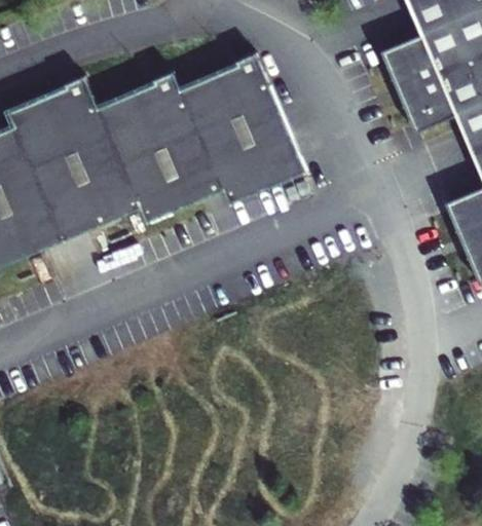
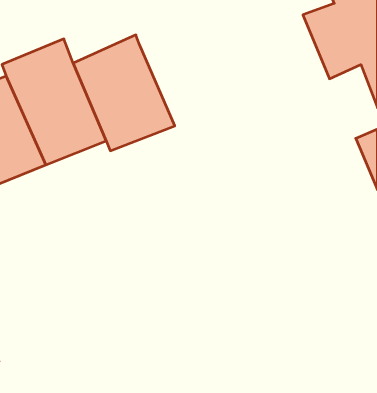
building: [181,53,307,202] -> none

